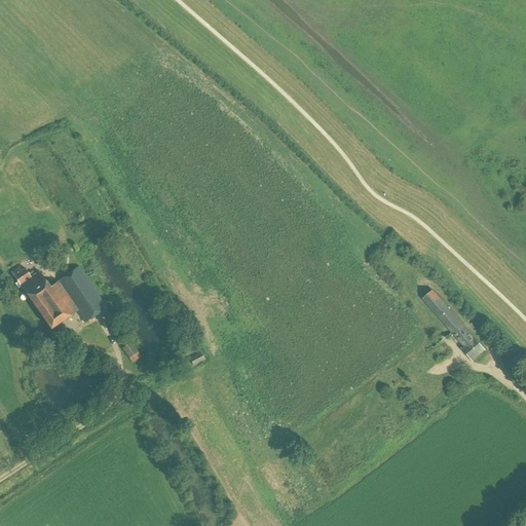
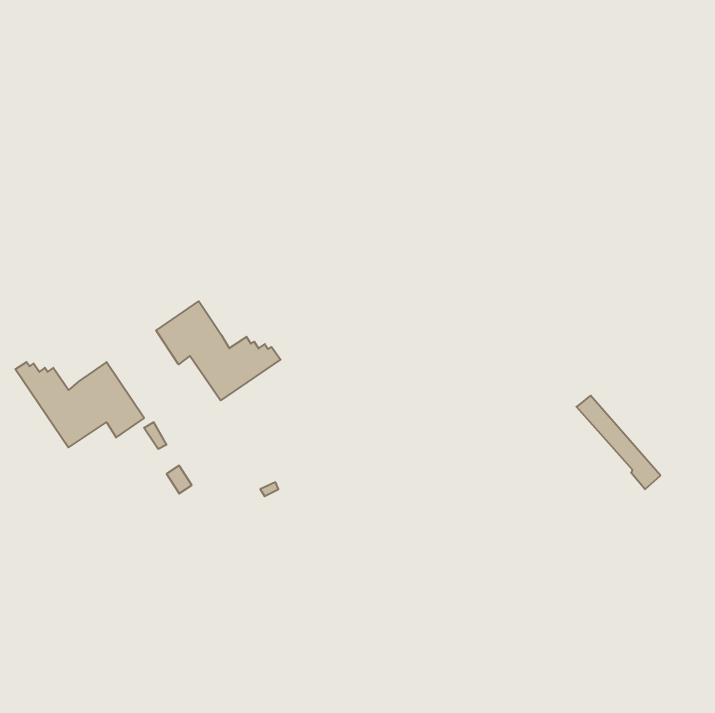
building: none -> [156,301,281,400]

